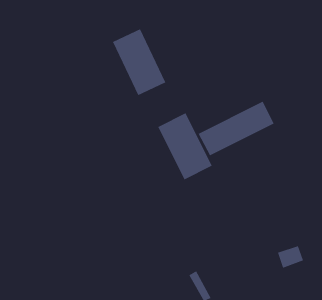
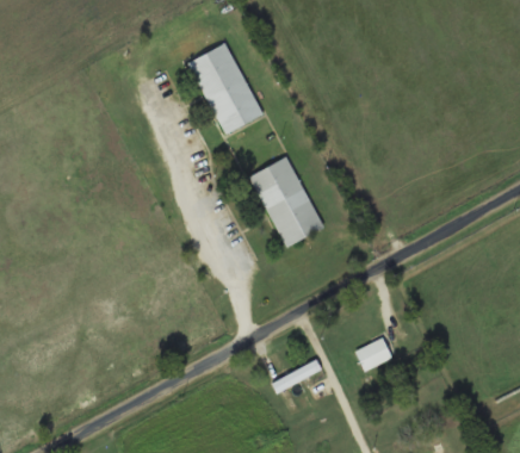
building: [198,101,275,156] -> none
building: [277,245,304,268] -> [355,340,391,371]

